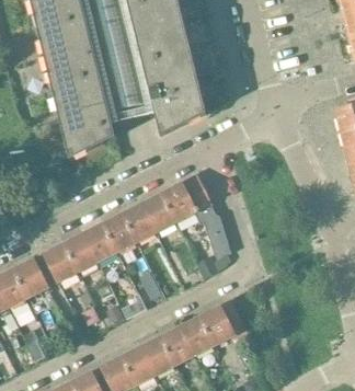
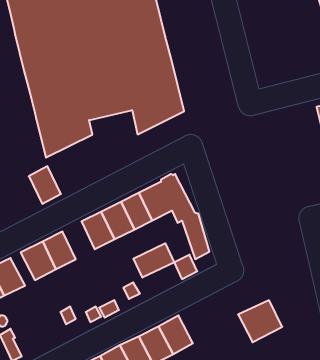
building: [84,222,116,260] -> [29,166,61,204]
building: none -> [134,243,174,278]
building: [199,301,243,343] -> [238,300,282,342]

